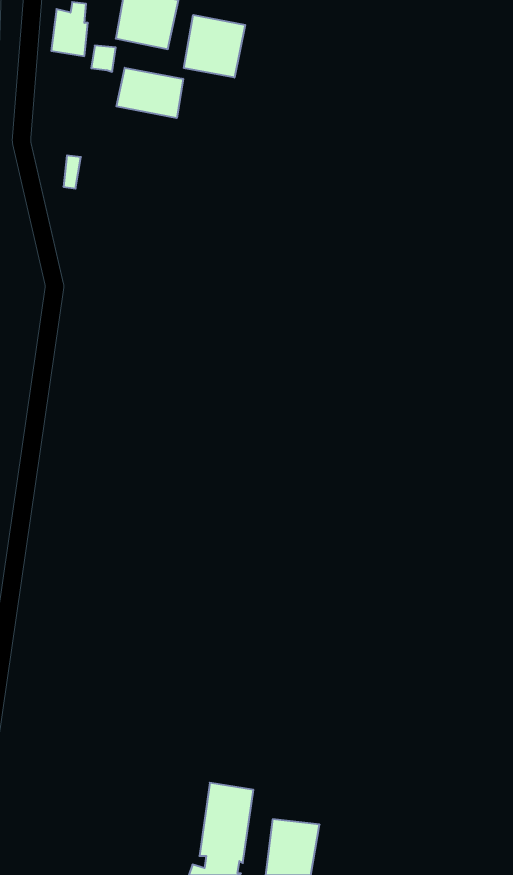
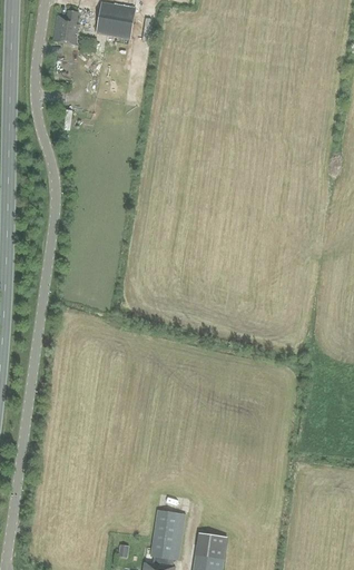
building: [184,15,245,78] -> none
building: [116,68,183,118] -> none

